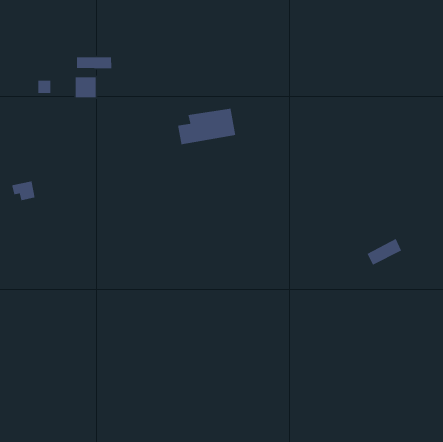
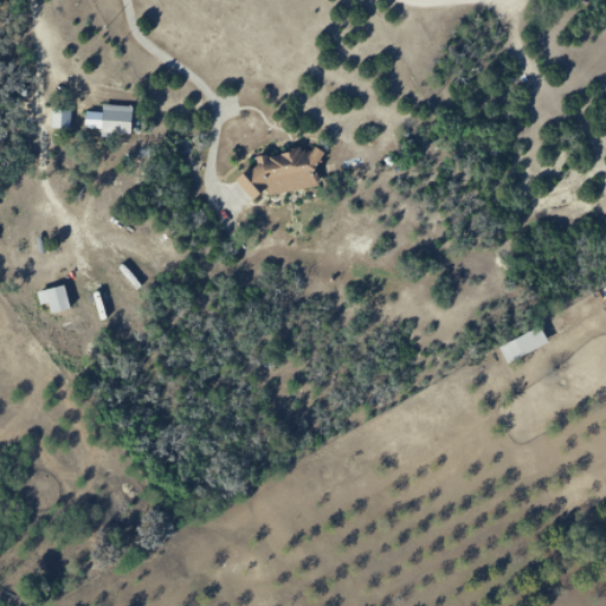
building: [76,57,112,69] -> none
building: [11,180,36,201] -> [37,284,70,312]

